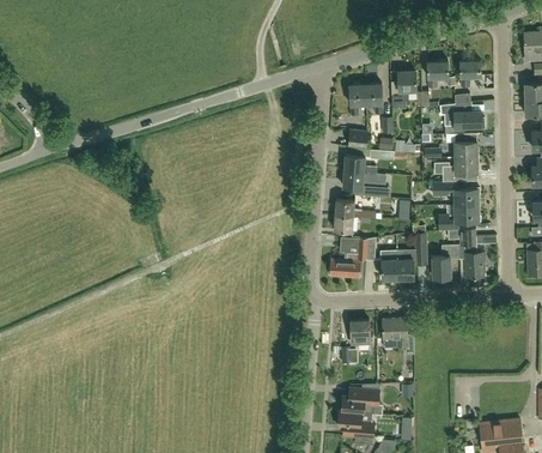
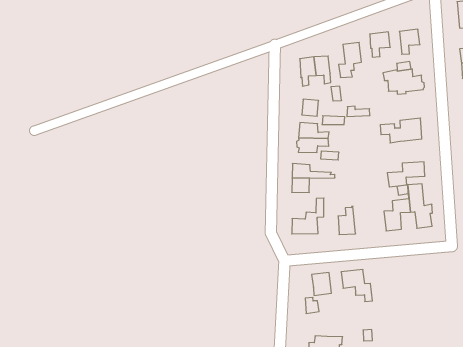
building: [453,133,477,158] -> none
building: [432,181,480,205] -> none
building: [398,232,426,279] -> none

